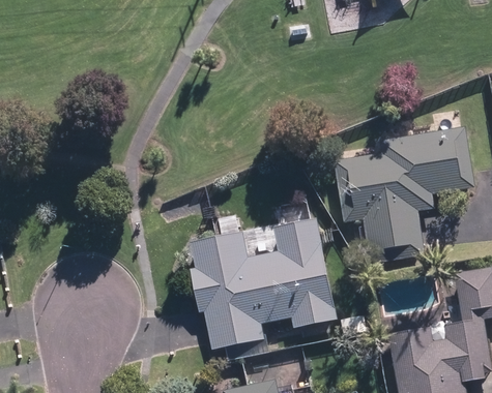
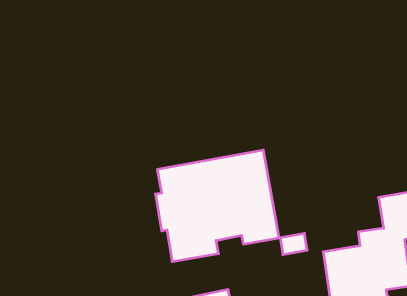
building: [334,125,475,265] -> none

